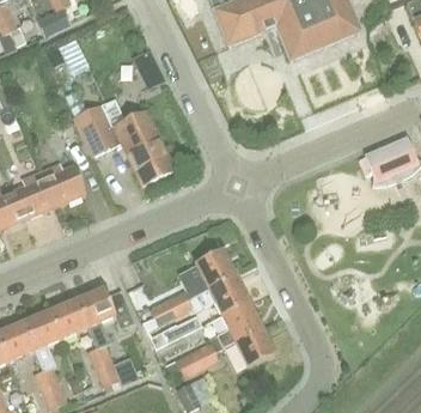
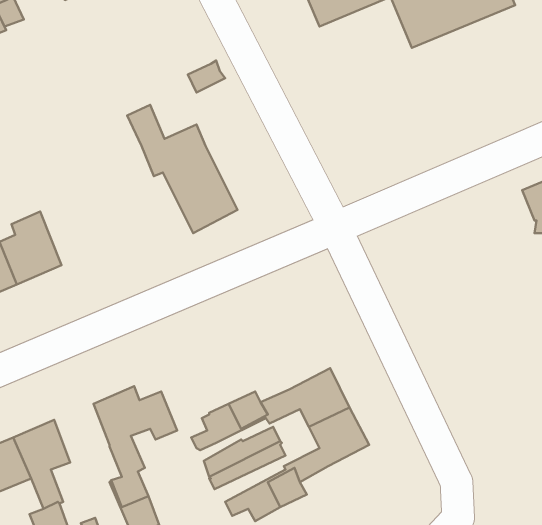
building: [73,105,116,157] -> none
building: [39,162,85,206] -> none
building: [194,249,234,290] -> none
building: [49,299,86,339] -> none
building: [233,327,274,368] -> none

